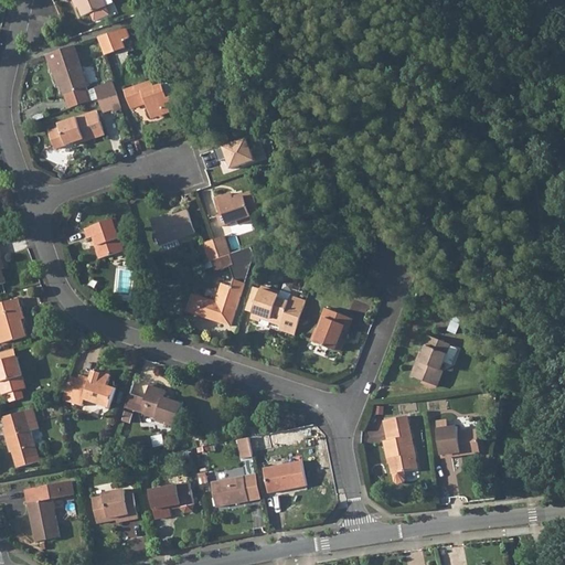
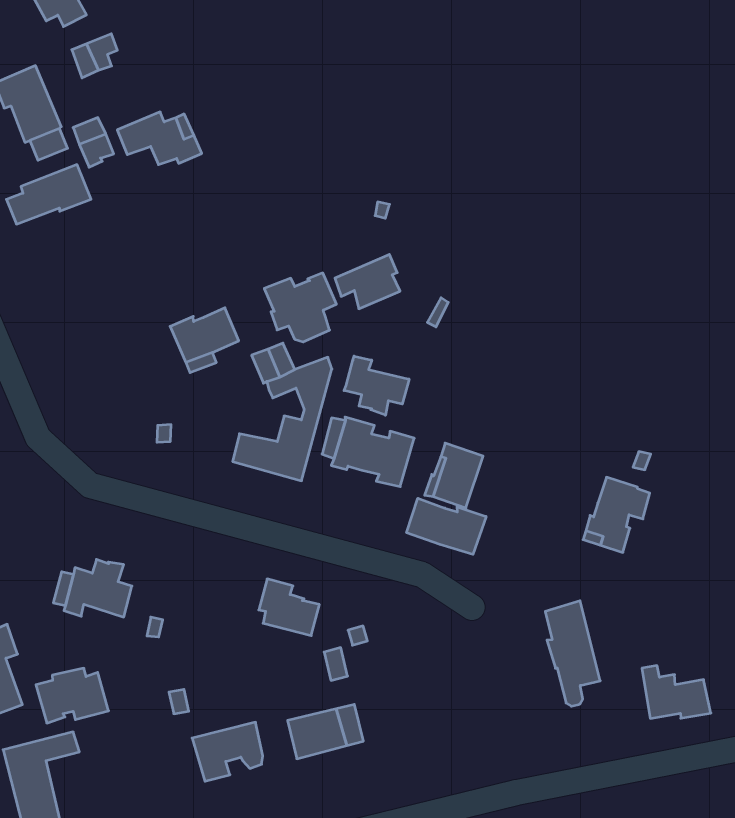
building: [215,136,257,170] -> [335,254,400,309]
building: [83,217,121,257] -> none
building: none -> [344,356,409,415]
building: none -> [407,498,486,554]
building: [140,385,180,424] -> [259,579,319,636]
building: [435,419,478,455] -> [642,666,711,718]
building: [262,460,305,492] -> none
building: [90,489,137,523] -> [36,668,109,723]

